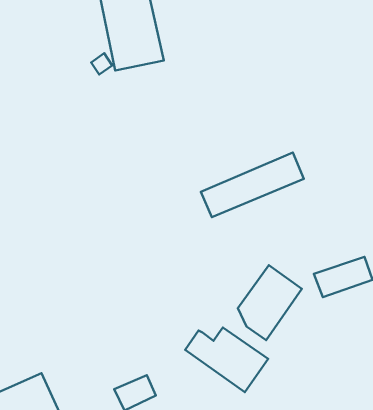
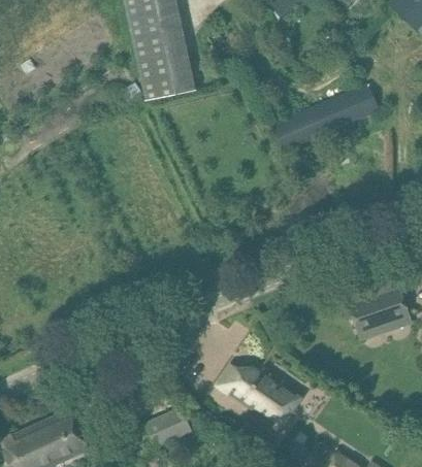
building: [201,153,304,217] -> [272,84,378,149]
building: [238,265,302,340] -> none

